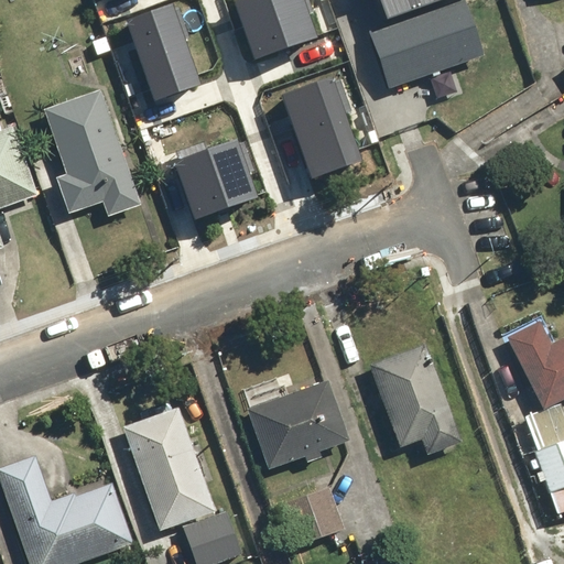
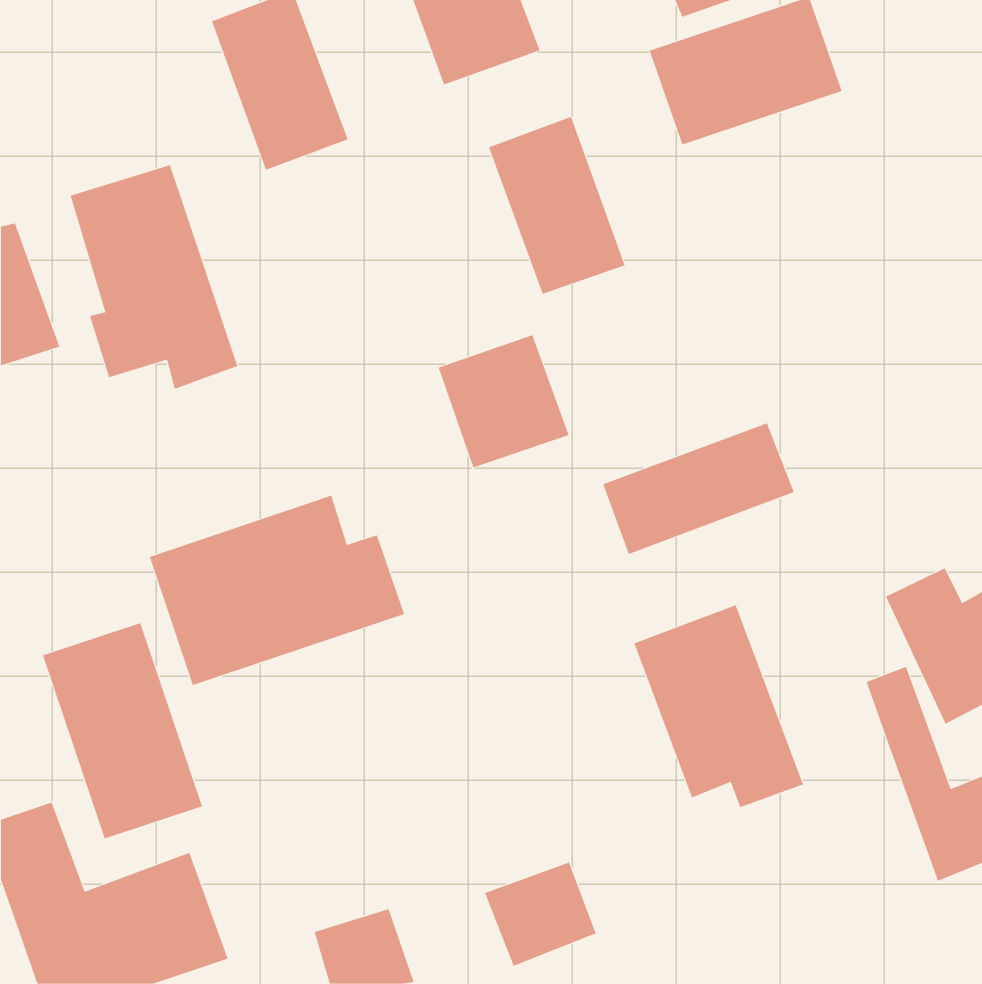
building: [180,131,254,207] -> [438,335,570,468]
building: none -> [602,423,795,555]
building: none -> [149,495,405,686]
building: [246,383,347,474] -> none
building: [122,411,214,534] -> [42,622,203,839]

